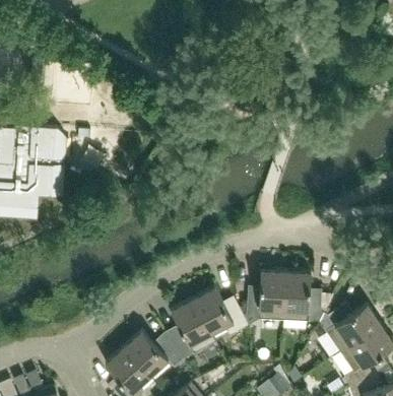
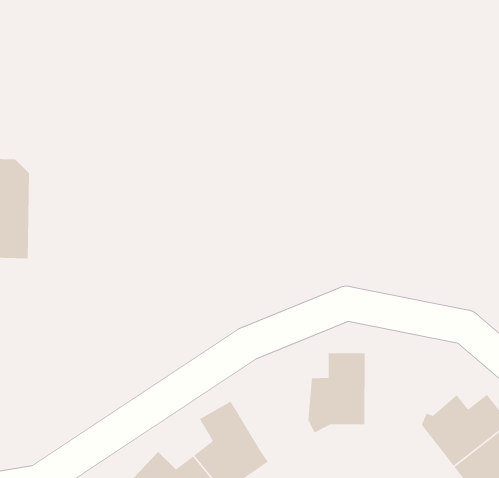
building: [281,271,323,322] -> none
building: [192,286,247,334] -> none

